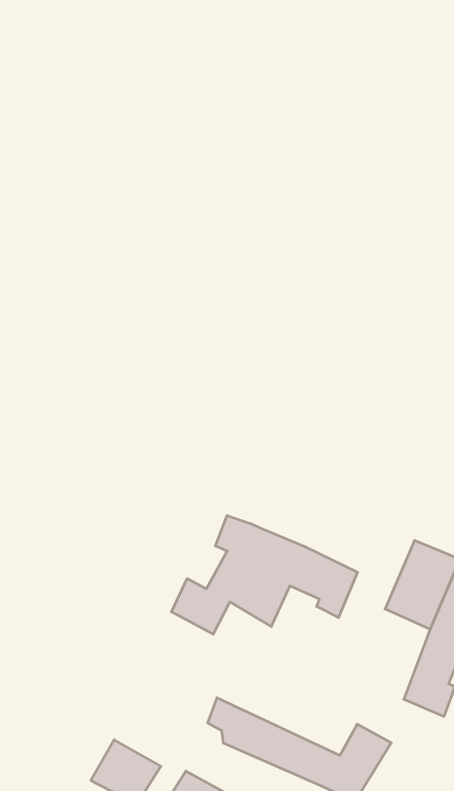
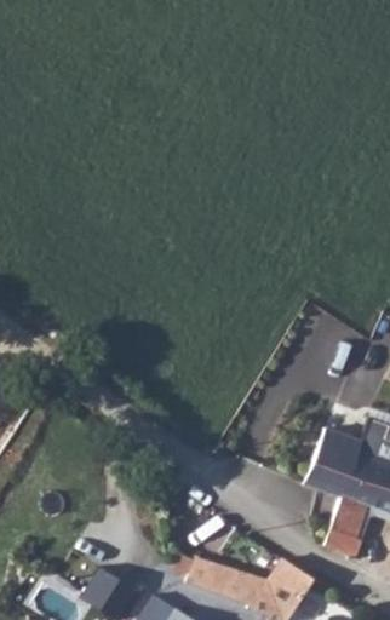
building: [171,515,358,634] -> none

